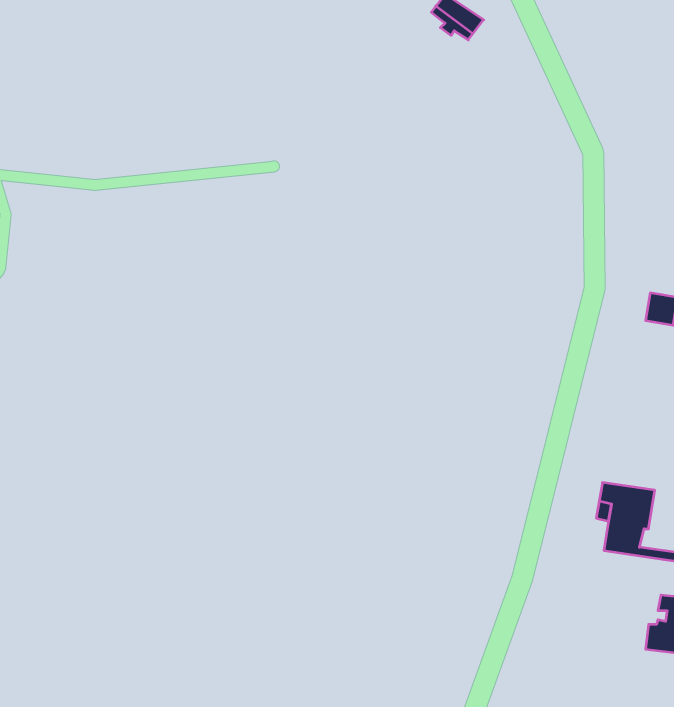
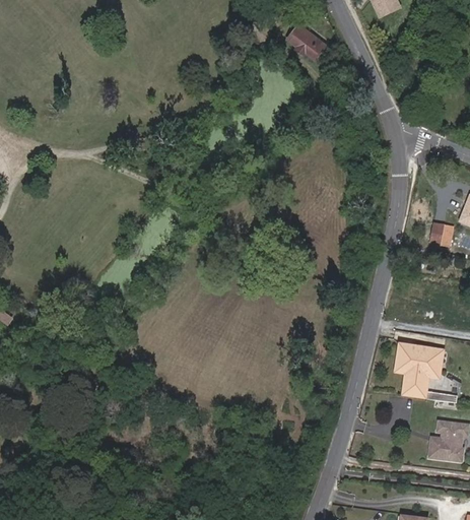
building: none -> [399,341,443,379]

